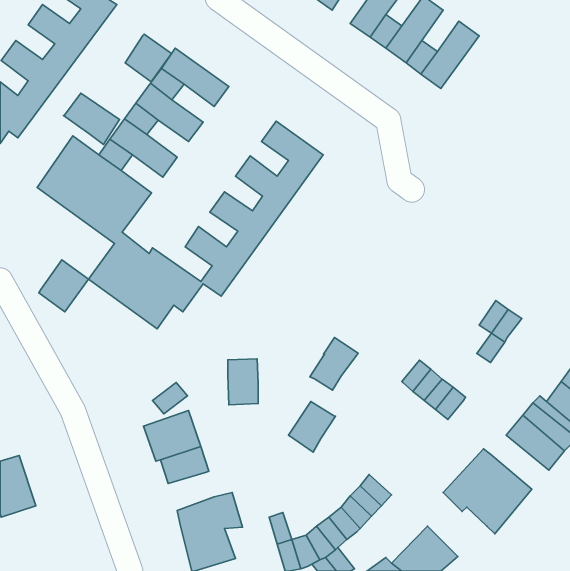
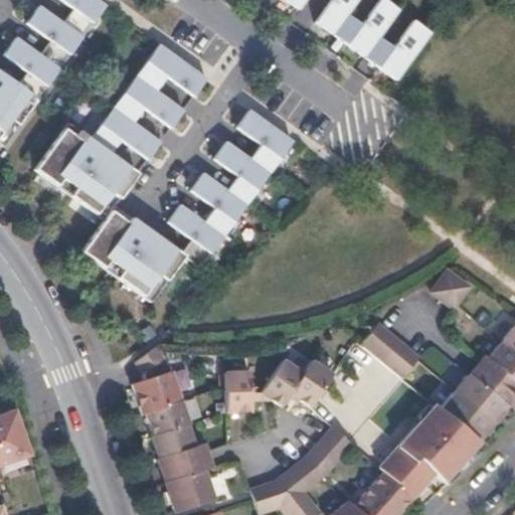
building: [125,34,172,82] -> none
building: [63,93,120,144] -> none
building: [39,260,89,312] -> none
building: [310,337,358,390] -> [291,358,334,405]
building: [228,359,258,405] -> [225,370,252,411]
building: none -> [443,390,495,439]
building: none -> [151,423,195,458]
building: none -> [378,442,440,499]

